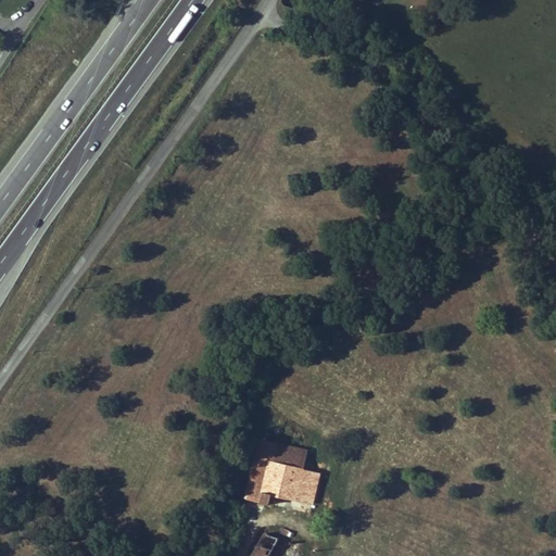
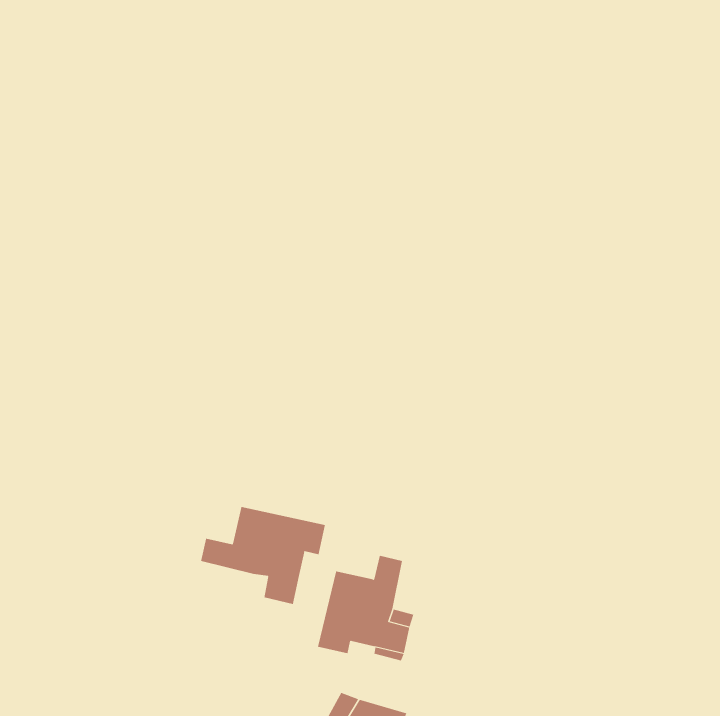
building: none -> [201,506,326,605]

